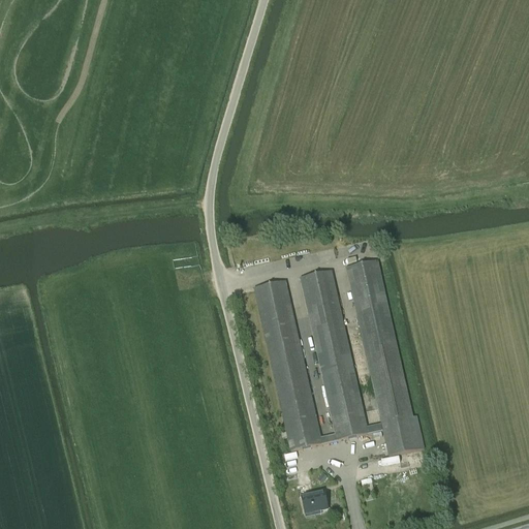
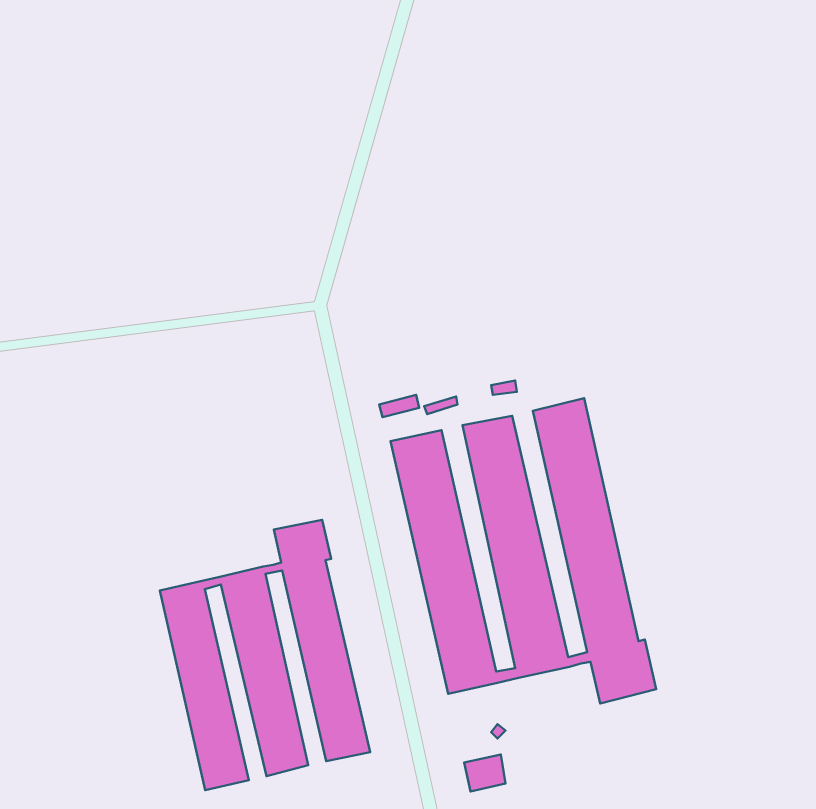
building: none -> [160,520,370,790]

